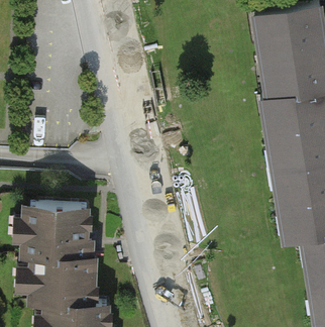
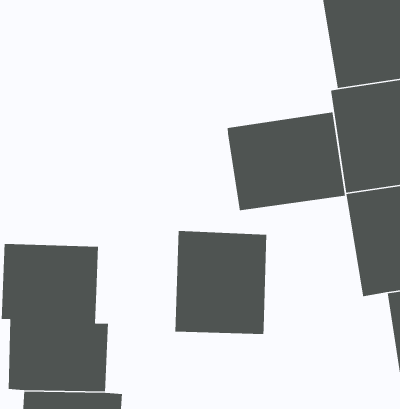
building: none -> [227,111,346,211]
building: none -> [175,230,267,335]

